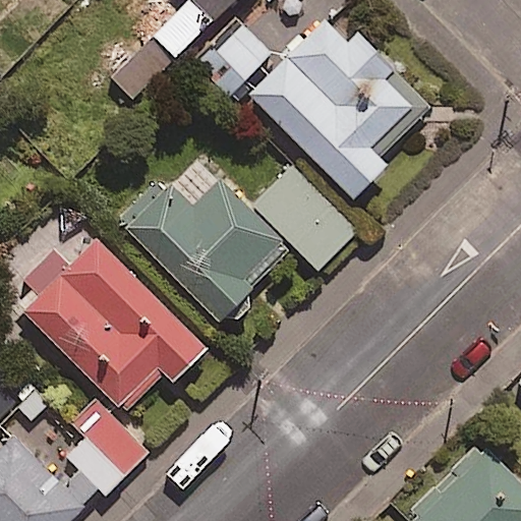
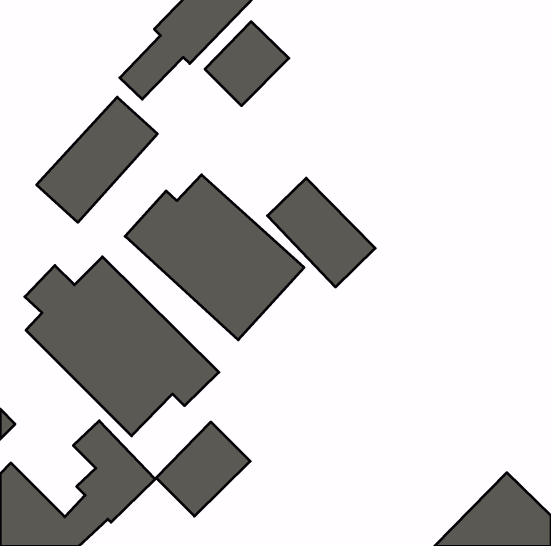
building: [249,11,427,202] -> none
building: none -> [37,97,157,222]
building: none -> [156,422,250,516]

